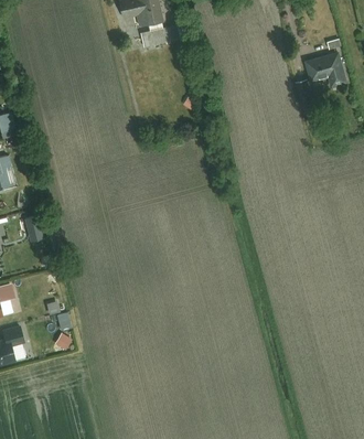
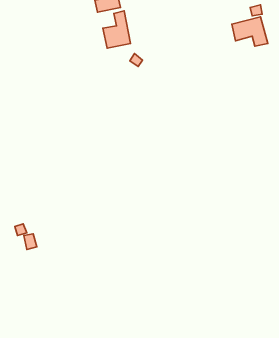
building: none -> [103,11,130,48]

